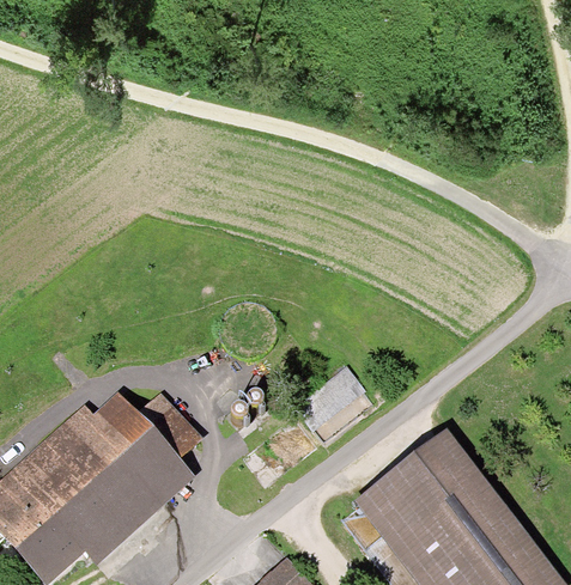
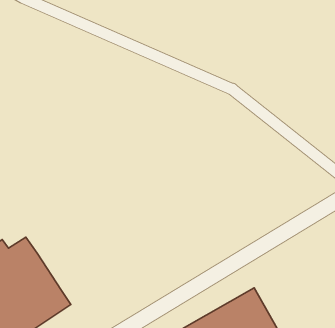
building: [296,368,364,431] -> none
building: [134,400,204,470] -> none

